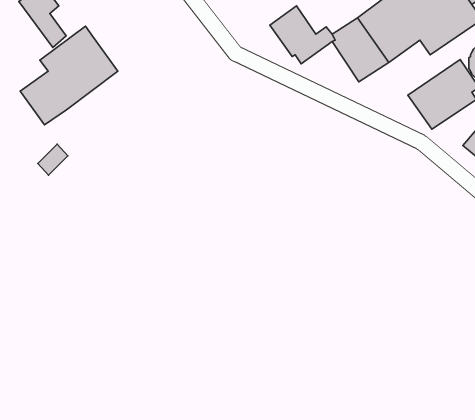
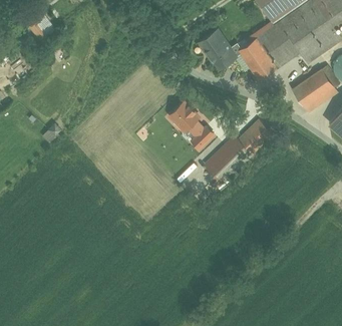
building: [20,26,118,125] -> none
building: none -> [169,101,216,150]
building: none -> [204,120,272,185]

